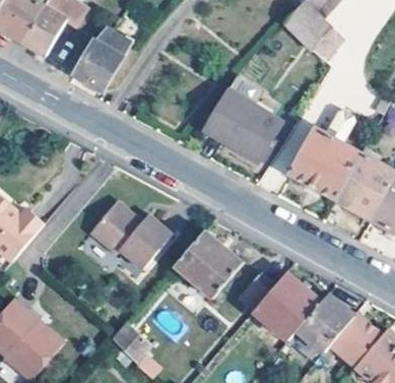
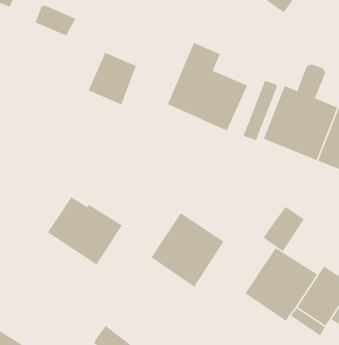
building: [75,41,123,91] -> [87,52,137,106]
building: [238,269,278,311] -> [262,206,305,252]

